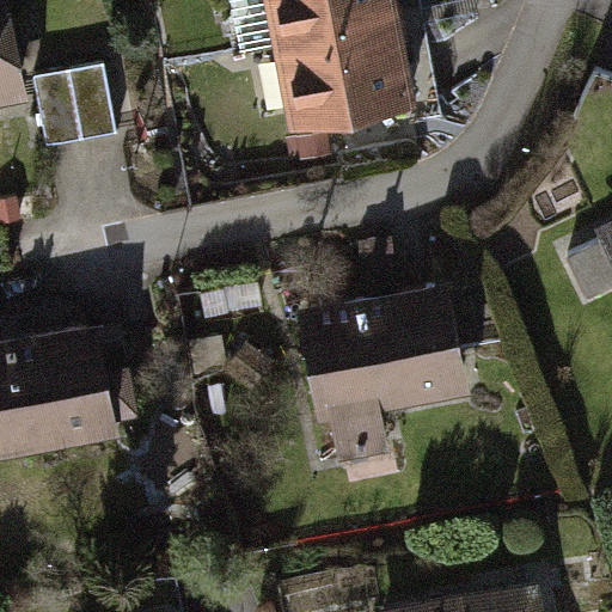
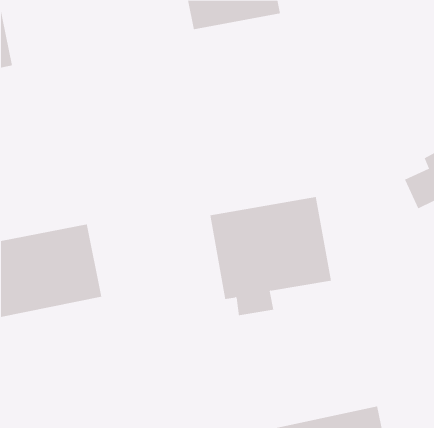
building: [273,29,410,126] -> none
building: [30,59,108,149] -> none

